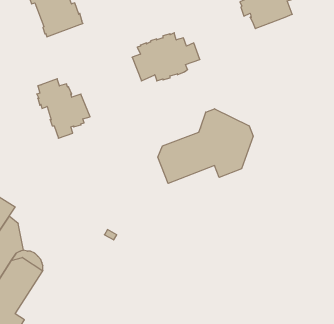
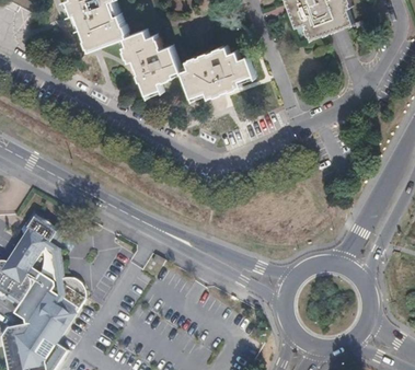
building: [37,79,90,138] -> [123,27,180,91]
building: [158,109,253,183] -> none

